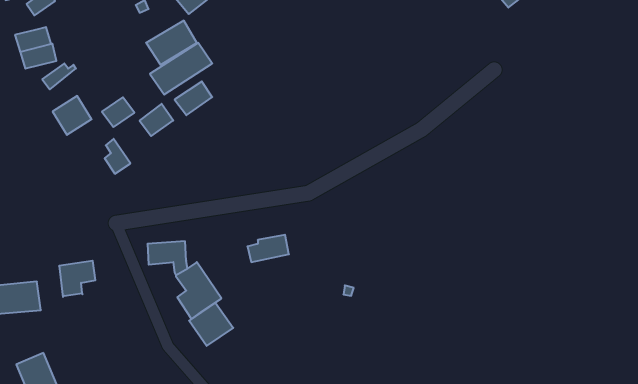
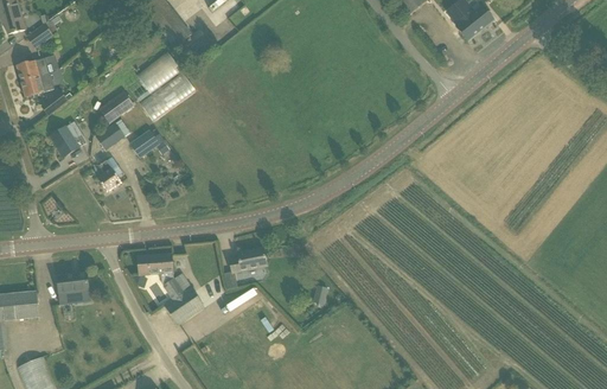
building: [175,81,212,115] -> [98,90,133,121]
building: [189,303,233,346] -> none

